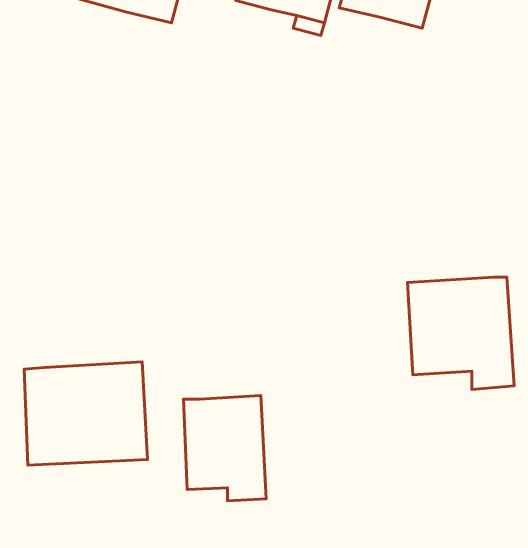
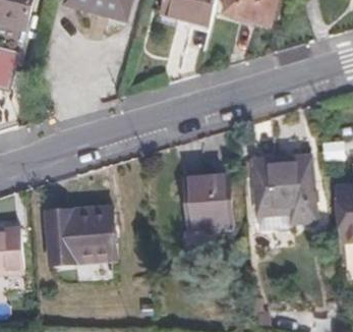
building: [183,396,266,501] -> [185,175,231,233]

